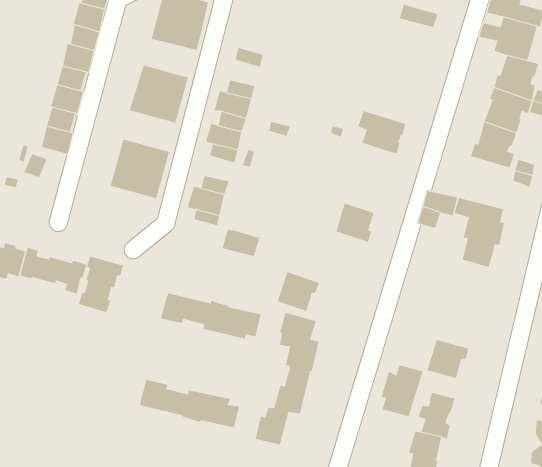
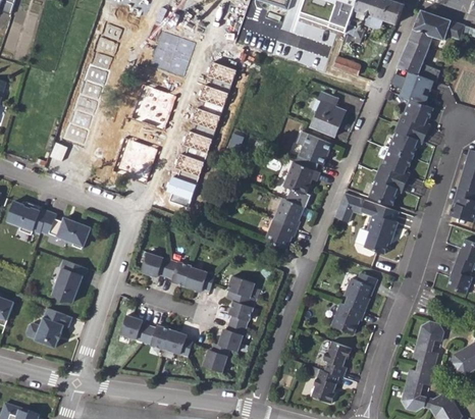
building: none -> [208,62,236,85]
building: none -> [310,91,346,136]
building: none -> [200,85,228,107]
building: none -> [282,155,319,205]
building: none -> [367,171,405,205]
building: [222,229,260,256] -> [175,154,204,175]
building: [78,256,124,313] -> [51,259,87,302]
building: [277,271,320,312] -> [264,218,297,249]
building: [381,365,423,417] -> [345,273,377,312]
building: none -> [24,307,71,348]

